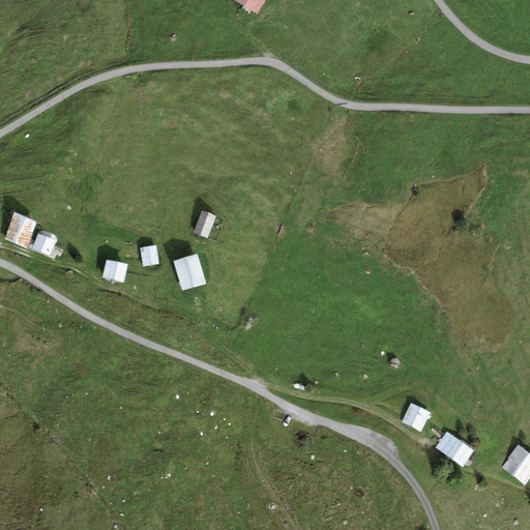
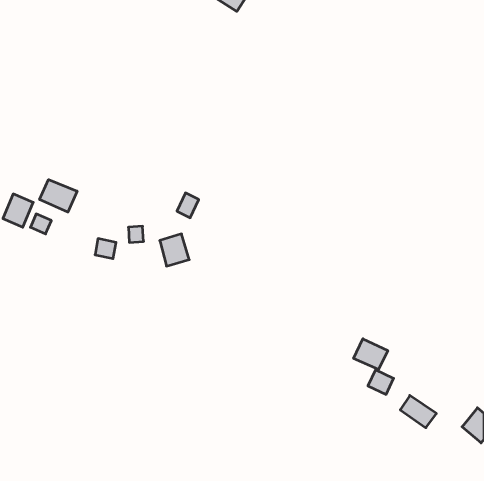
building: none -> [40,180,77,212]
building: none -> [354,339,388,369]

